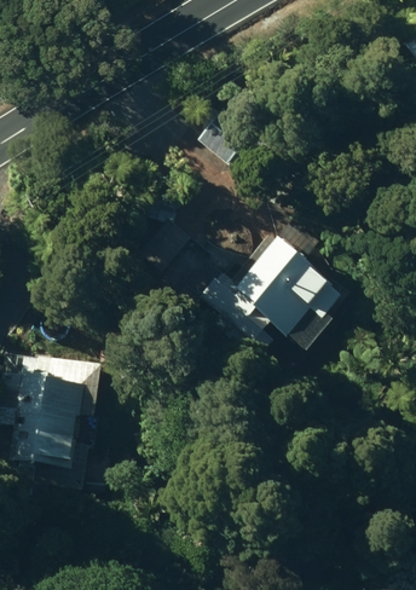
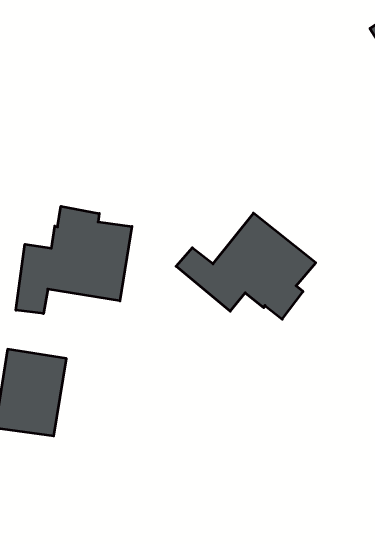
building: none -> [16,206,132,314]

